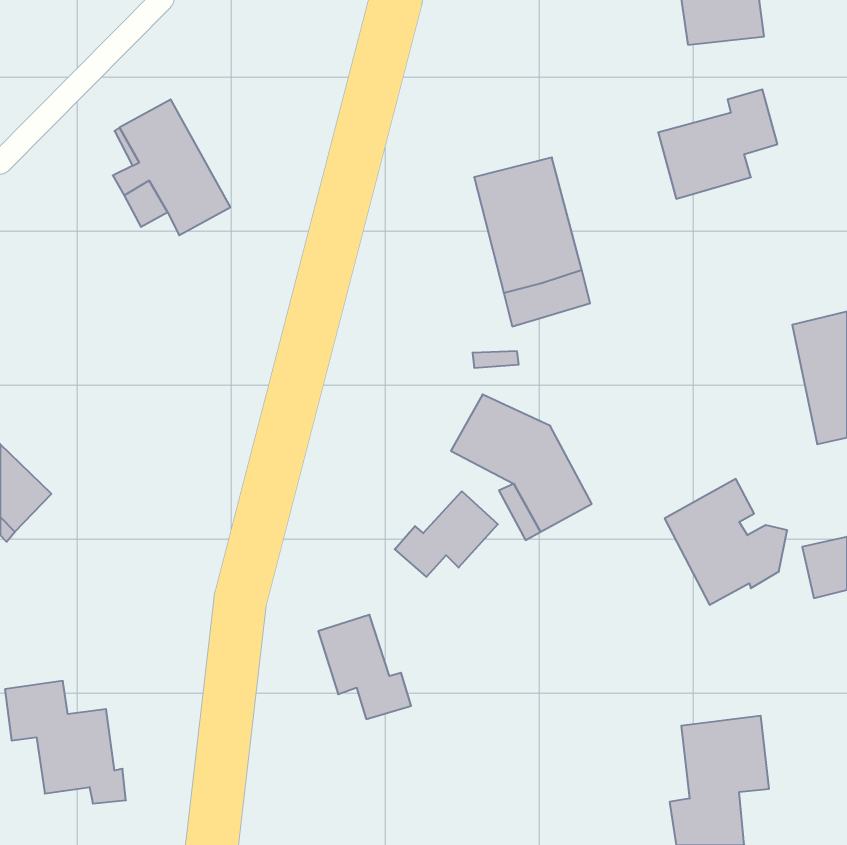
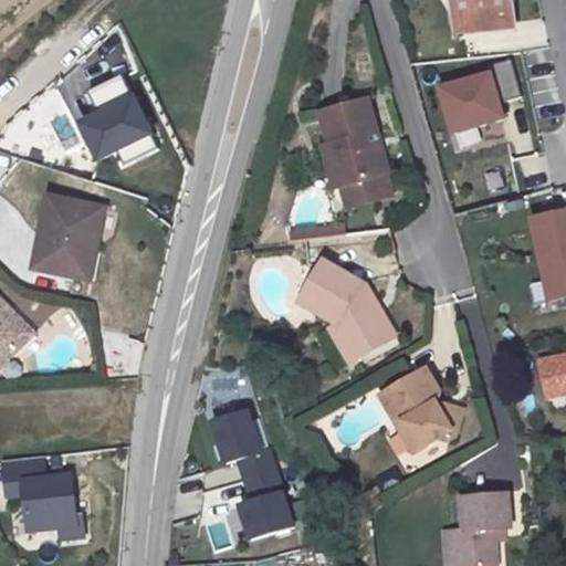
building: none -> [34,196,99,274]
building: [665,479,787,605] -> [378,371,460,455]
building: [395,491,498,577] -> none
building: none -> [240,471,292,539]

